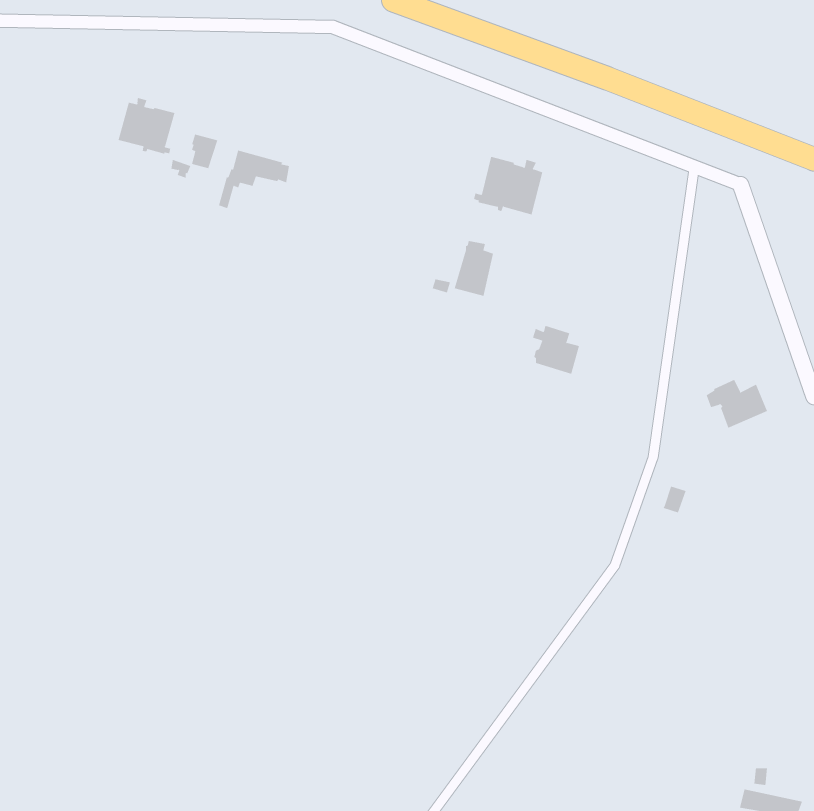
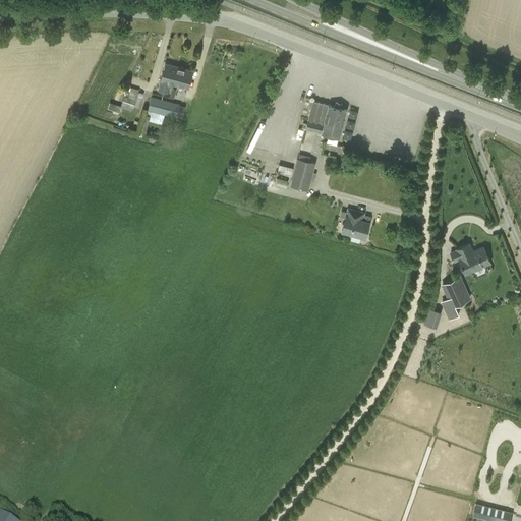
building: none -> [158,64,193,95]
building: [118,97,175,154] -> none
building: none -> [442,278,469,321]

